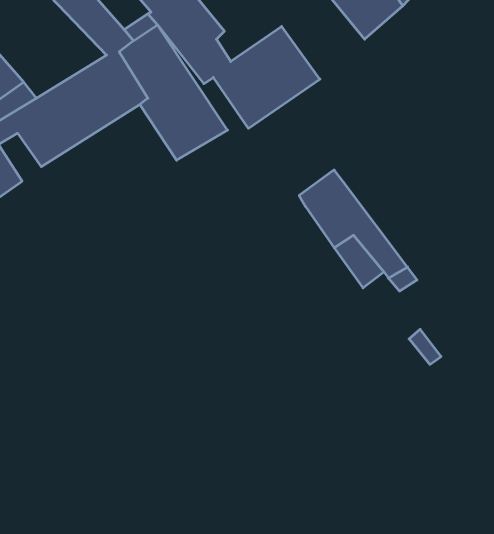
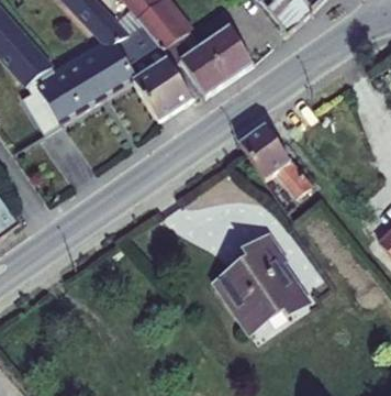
building: none -> [215,231,306,327]

